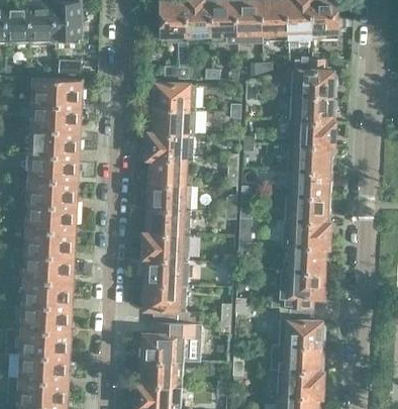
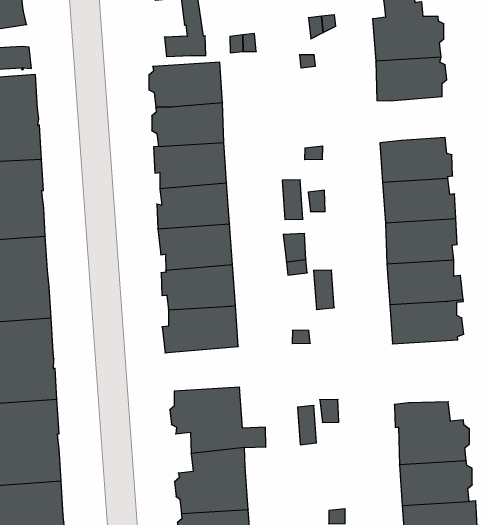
building: [289,119,334,146] -> none
building: [142,260,188,286] -> none
building: [271,270,326,309] -> none

